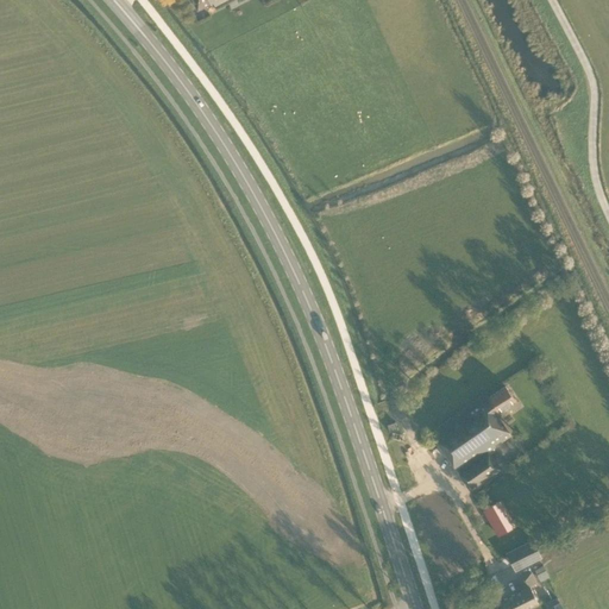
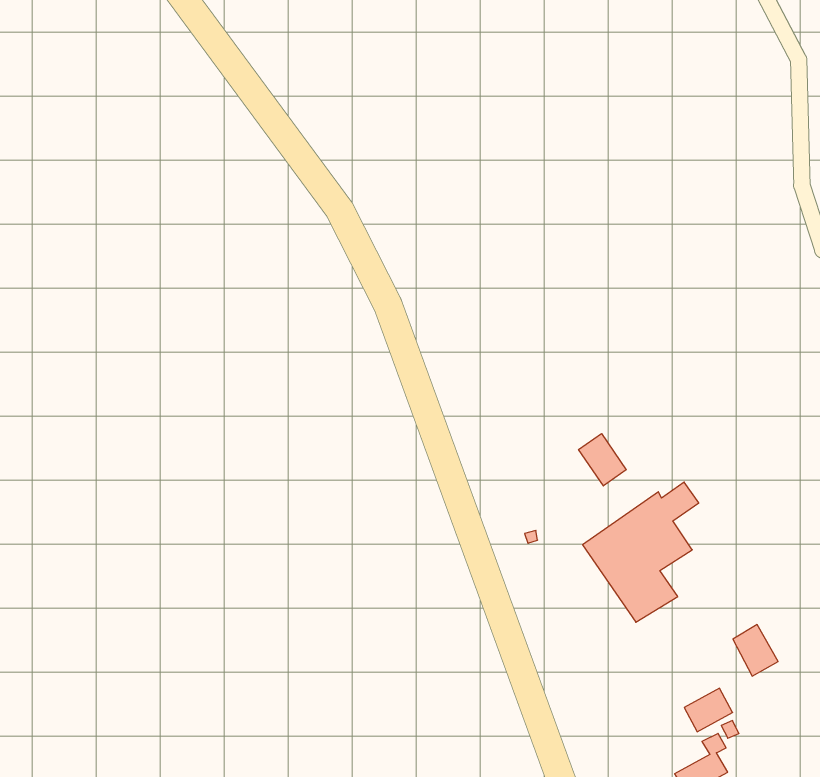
building: none -> [579,434,626,486]
building: [484,501,517,539] -> [733,625,778,676]

